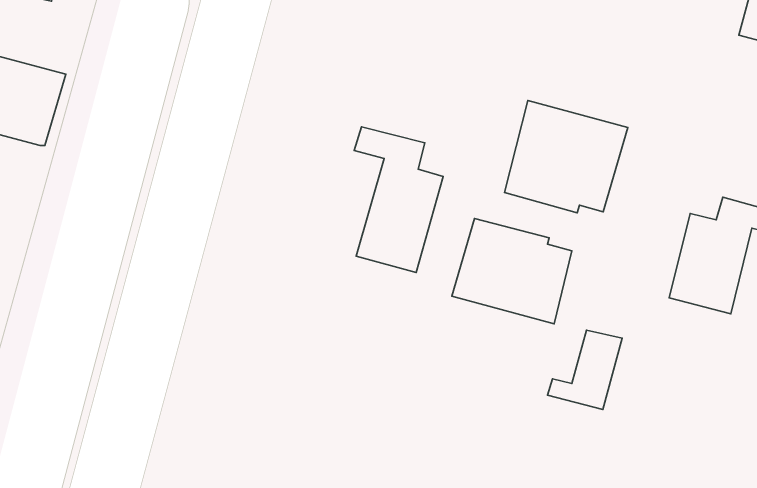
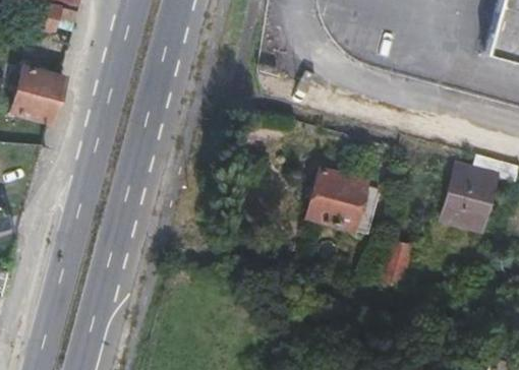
building: [505,101,628,213] -> none
building: [354,127,443,272] -> none

